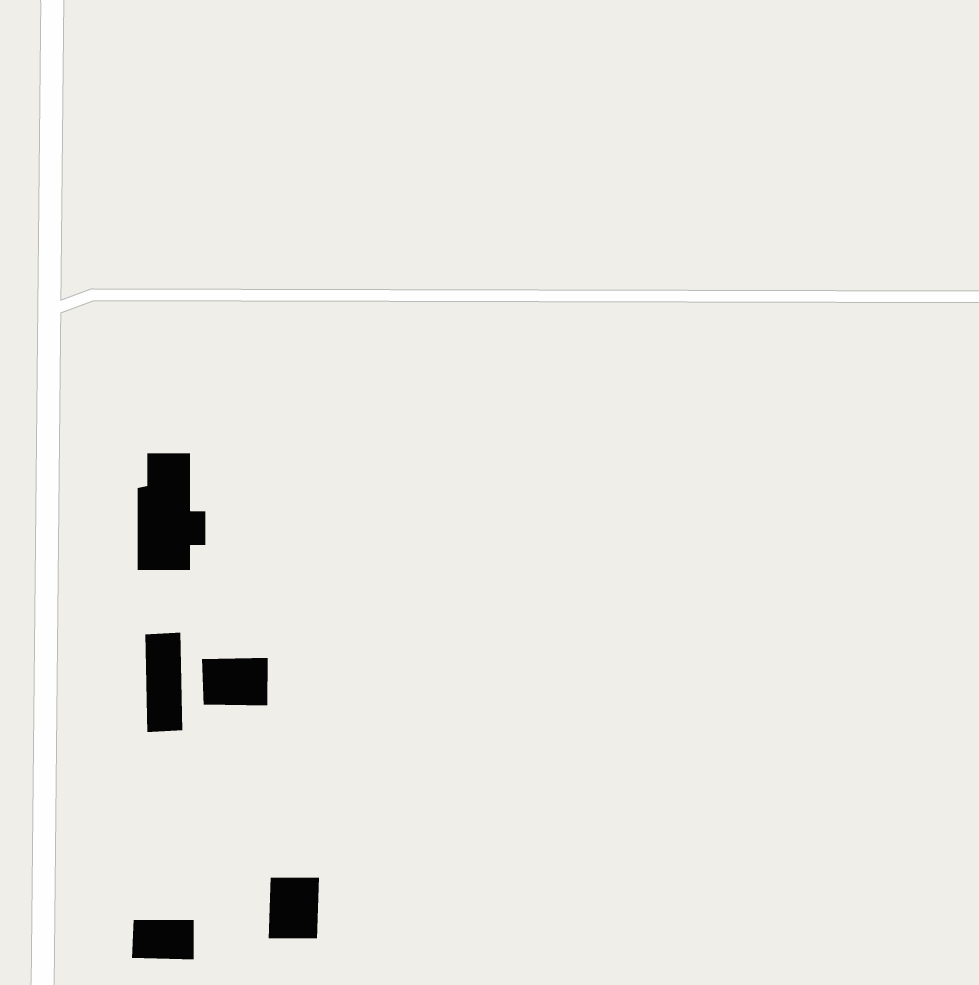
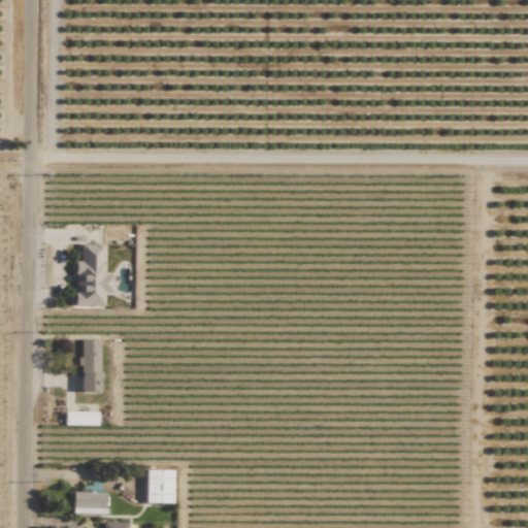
building: [201,657,268,706] -> none
building: none -> [66,410,99,425]

